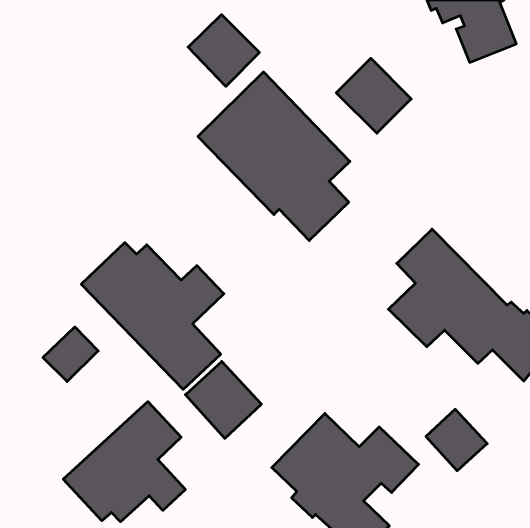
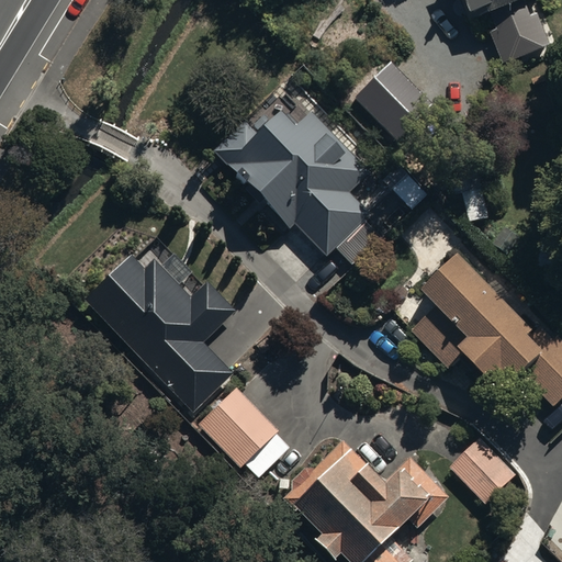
building: [188,15,259,86] -> none
building: [43,327,98,382] -> none
building: [63,402,185,522] -> none

